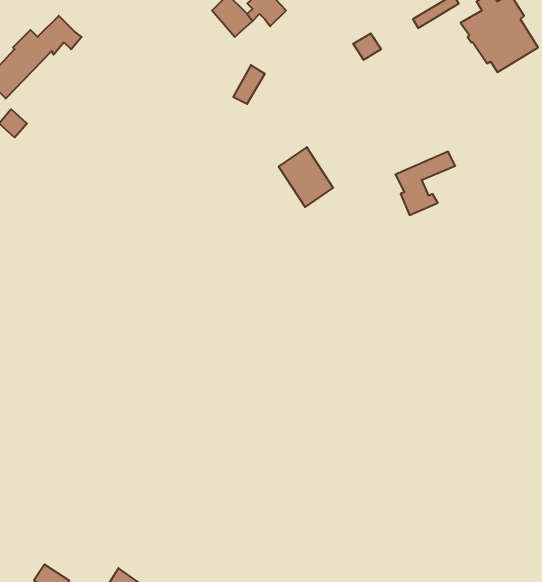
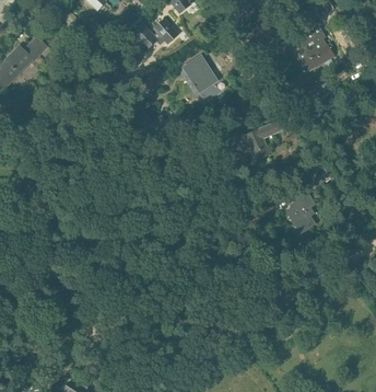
building: [279,147,333,207] -> [184,55,218,92]
building: none -> [287,193,315,232]

